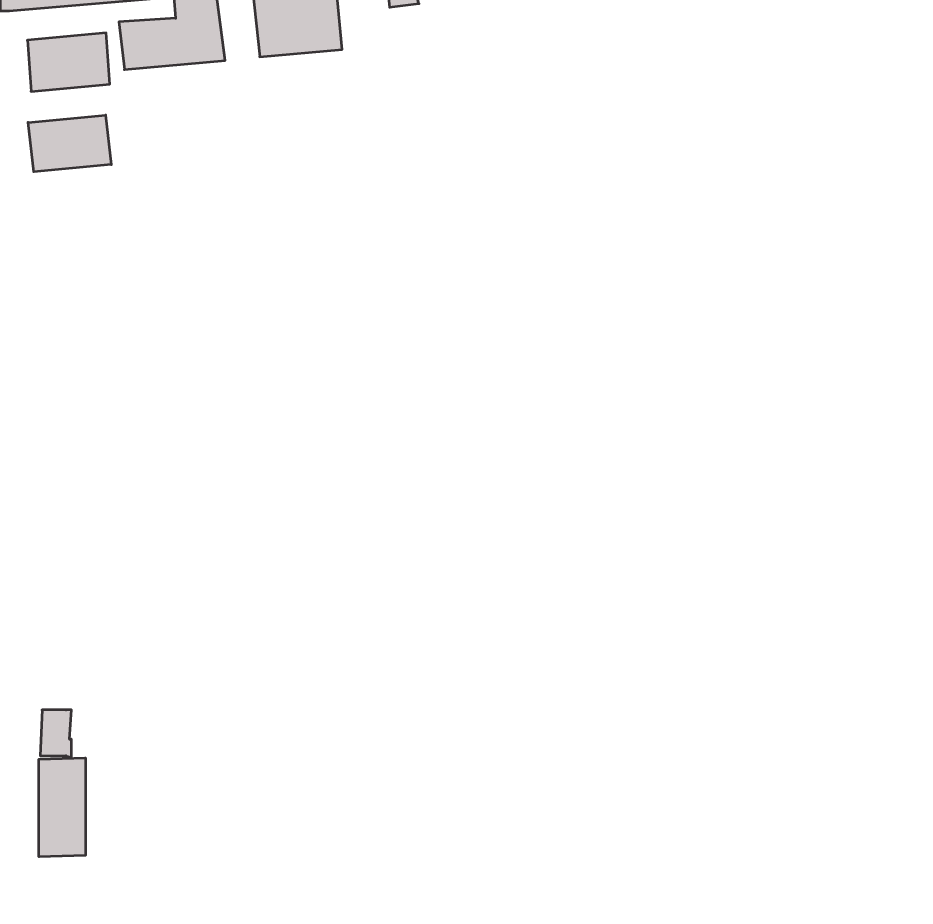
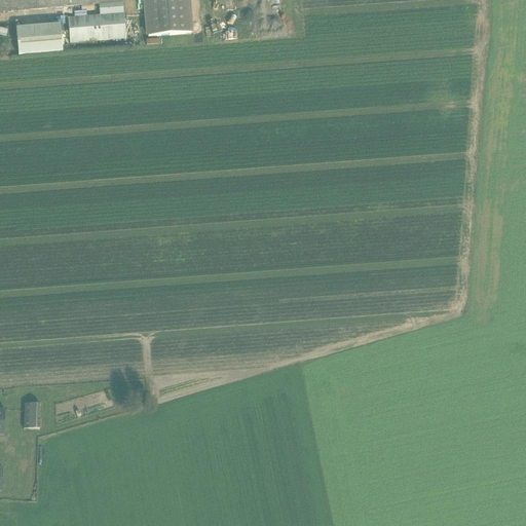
building: [28,115,111,172] -> none
building: [39,758,85,857] -> none

